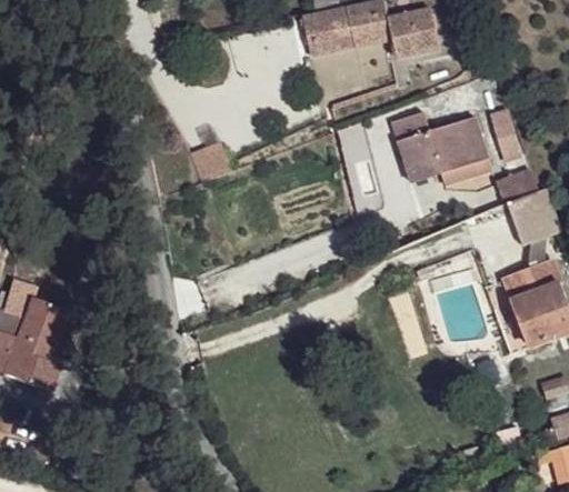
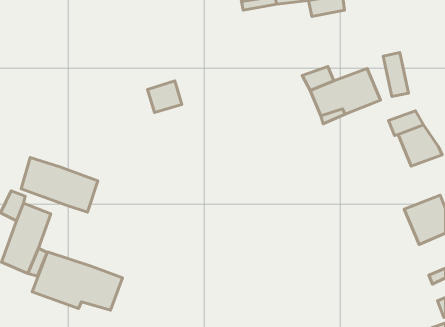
building: none -> [21,158,98,212]
building: [506,262,559,301] -> none
building: none -> [32,252,123,310]

